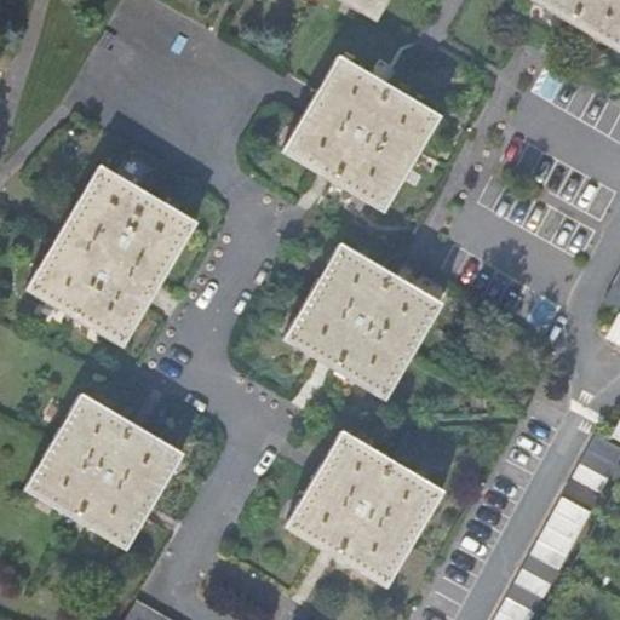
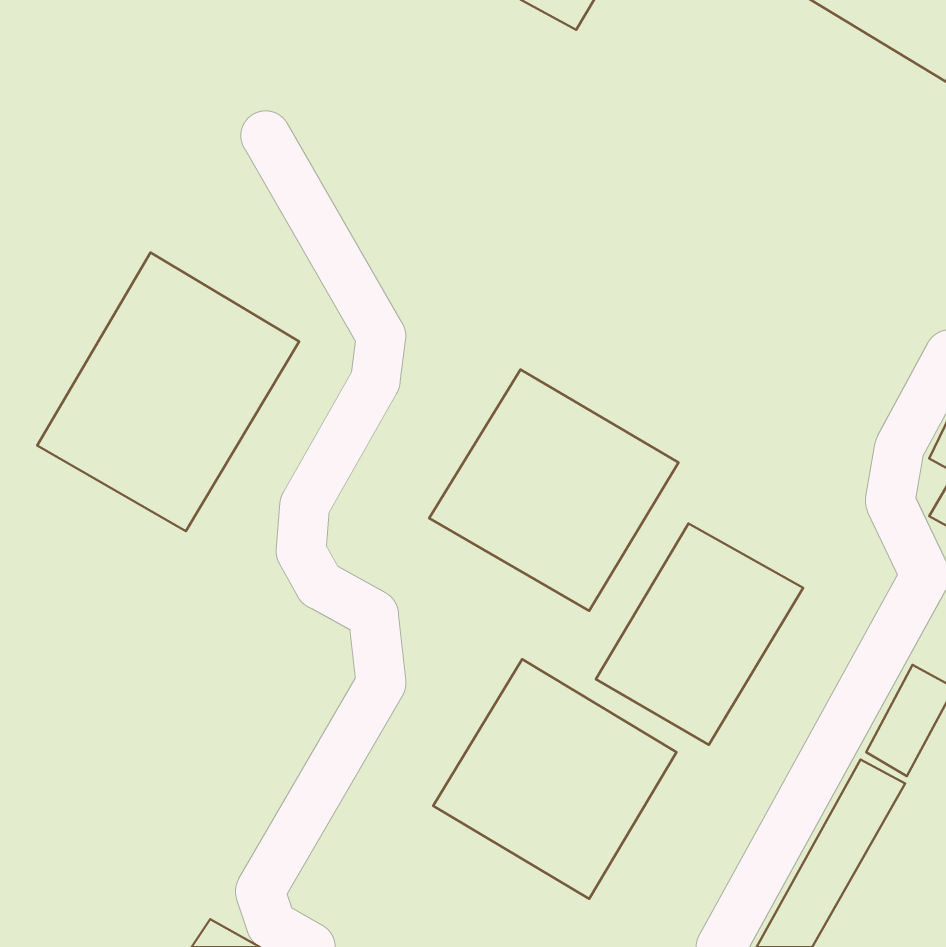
building: [281,54,441,212] -> none
building: none -> [596,523,803,745]
building: [25,392,184,549] -> none

